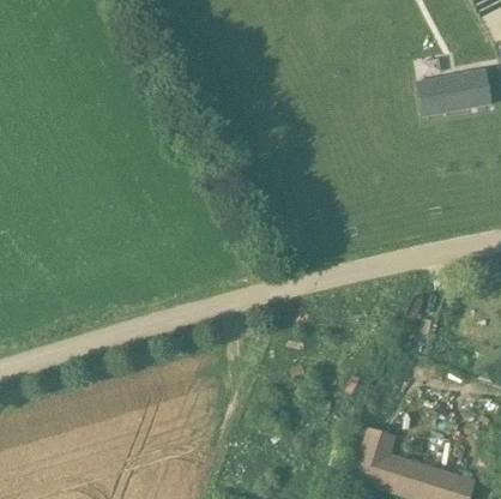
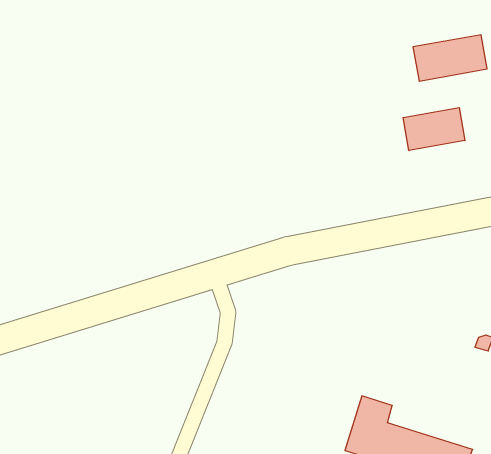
building: none -> [403,108,465,151]

